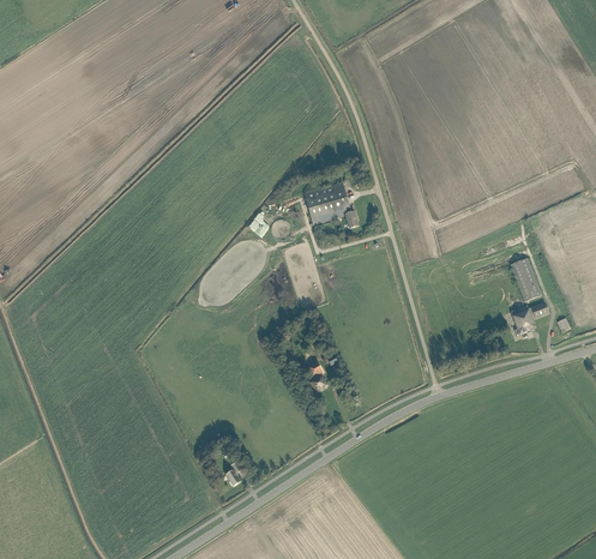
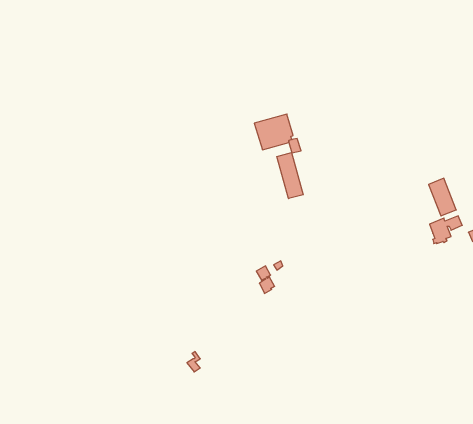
building: none -> [277,153,303,199]

